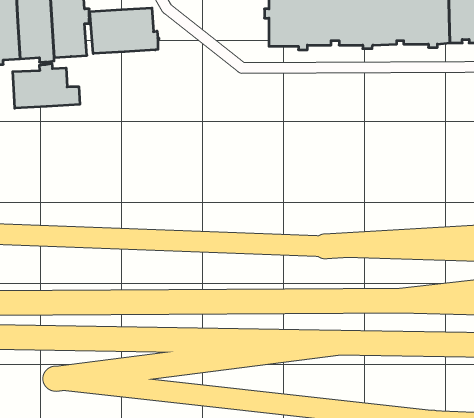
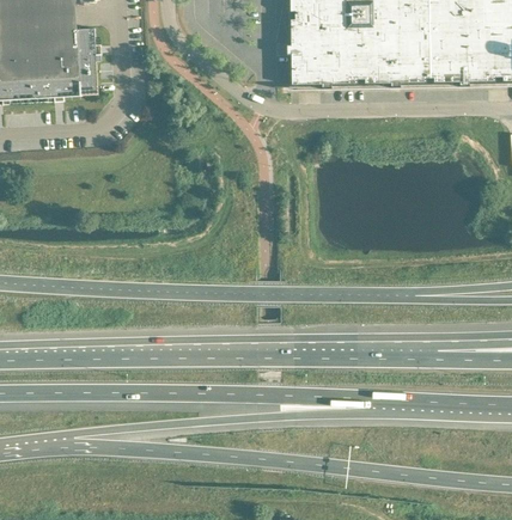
building: [90,8,159,54] -> none
building: [13,63,80,108] -> none

